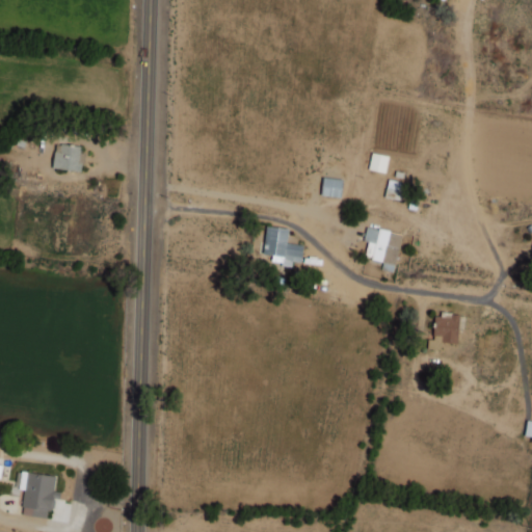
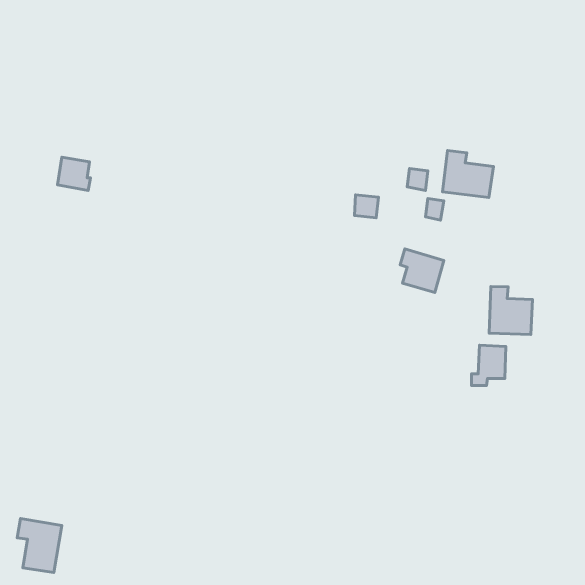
building: none -> [442,151,493,198]
building: [265,228,303,263] -> none
building: none -> [489,287,532,335]

